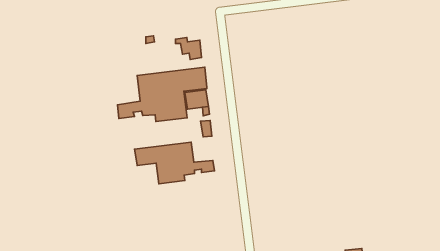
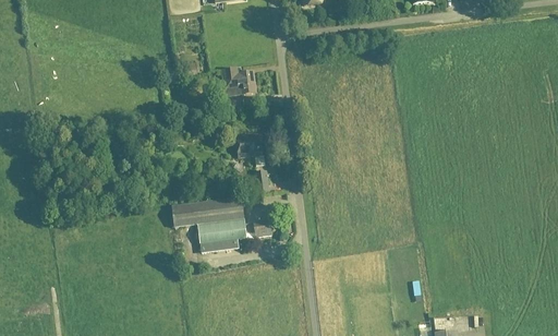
building: [118,67,207,121] -> none

